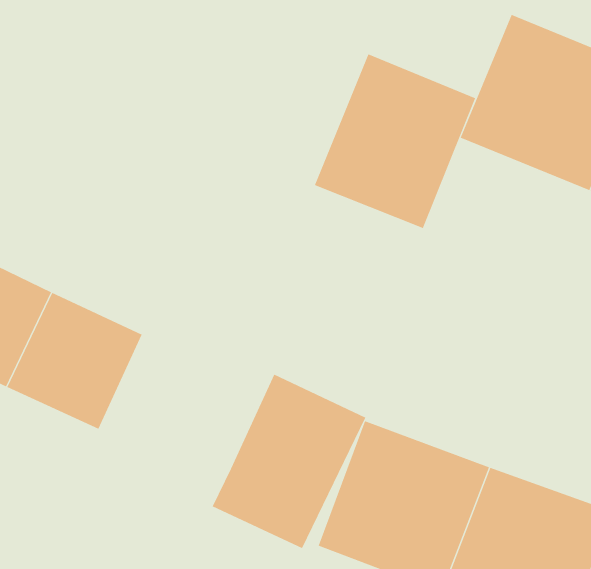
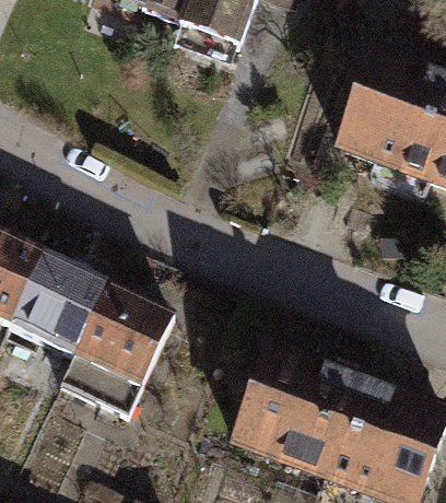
building: [314,54,476,229] -> none
building: [212,374,366,549] -> [60,286,172,413]

